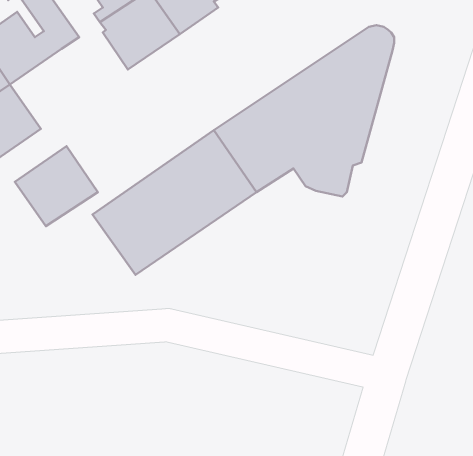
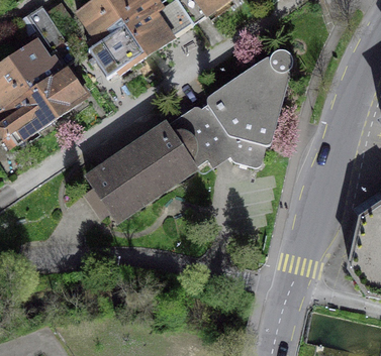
building: [15,146,98,226] -> [31,65,88,119]

